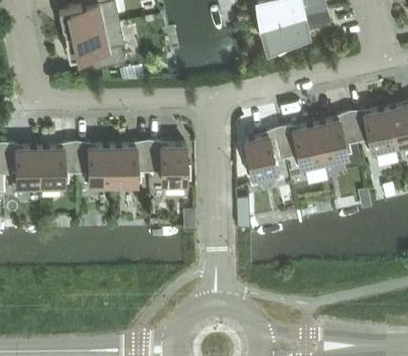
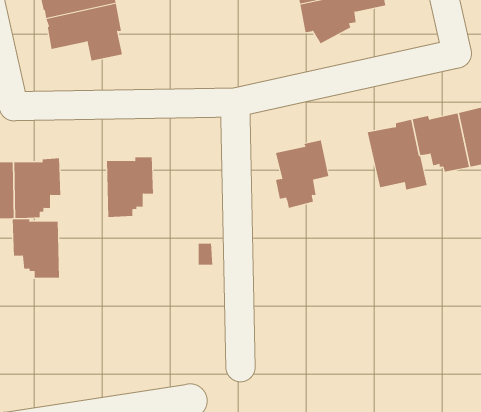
building: [280,124,325,171] -> none
building: [148,143,190,190] -> none
building: [76,144,113,191] -> [12,219,60,278]

